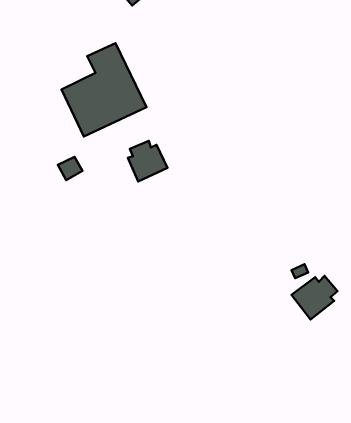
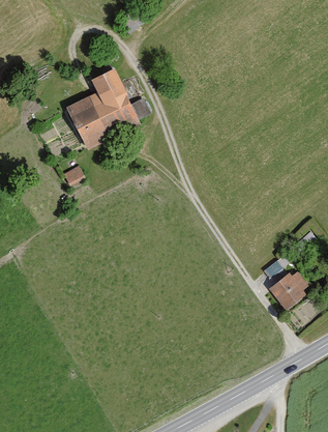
building: [128,141,167,182] -> none

